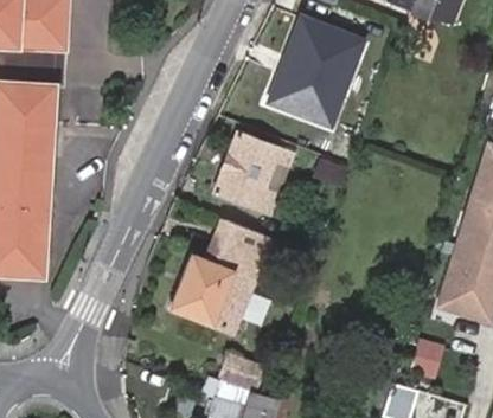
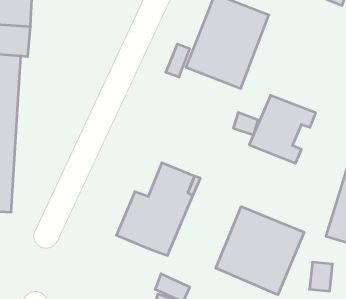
building: [219,134,301,217] -> [249,95,316,163]
building: none -> [216,207,304,295]

